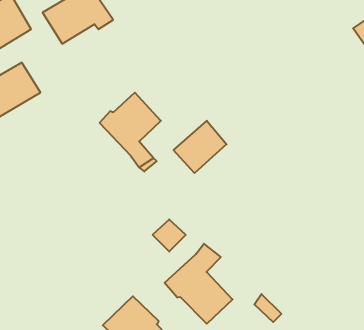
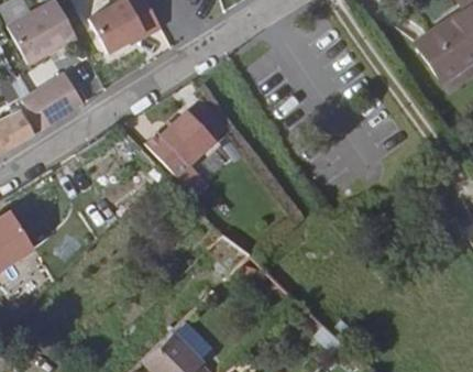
building: [174,121,227,173] -> none
building: [165,244,233,324] -> none

